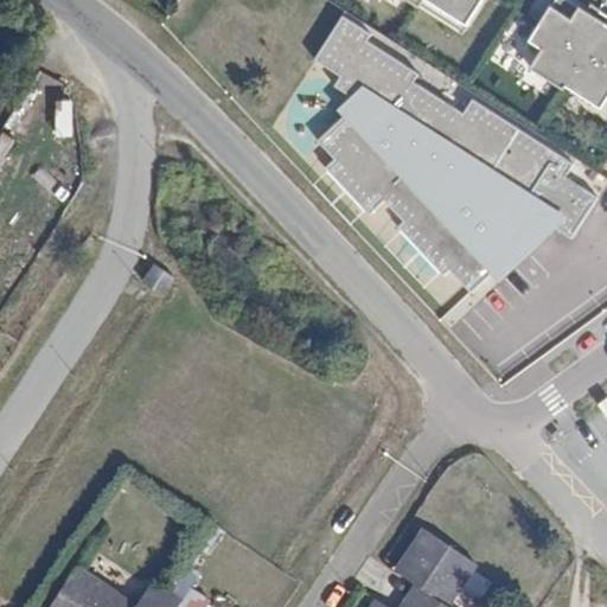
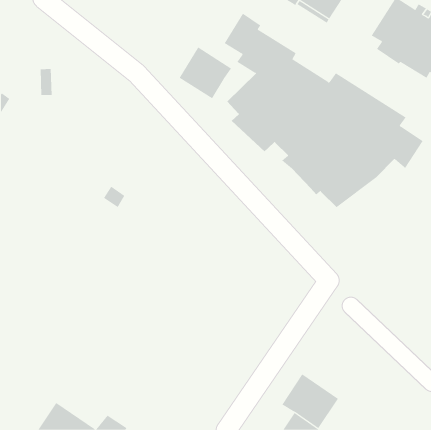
building: none -> [179,46,232,99]

